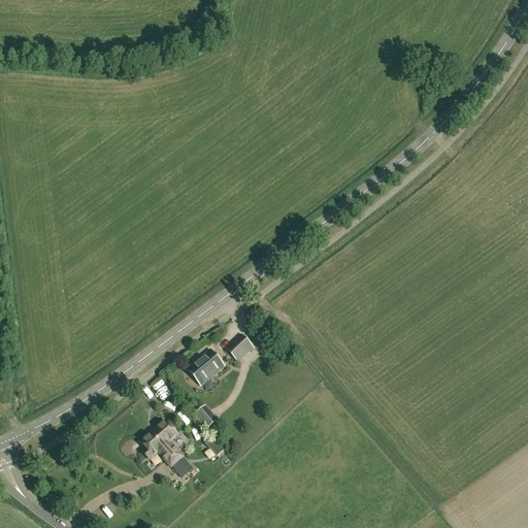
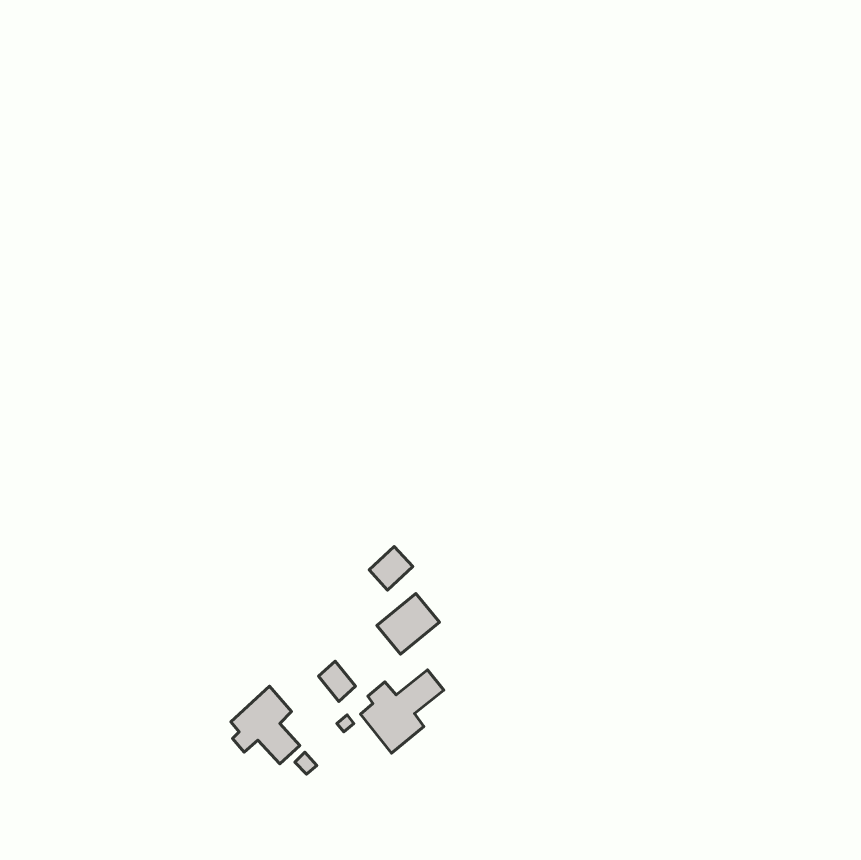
building: [187,349,225,386] -> [377,593,439,654]
building: none -> [360,670,444,753]

